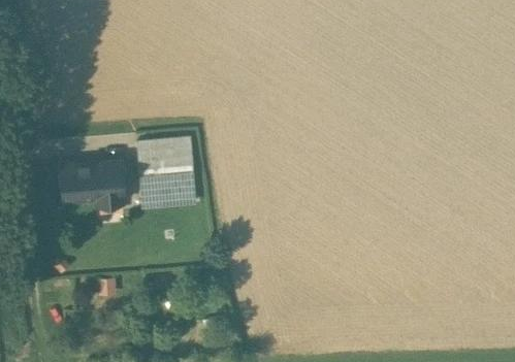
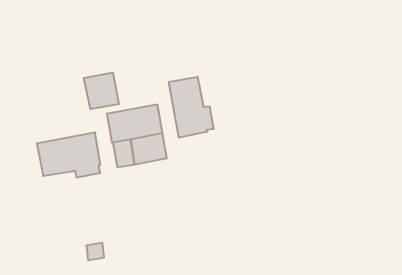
building: none -> [84,73,119,109]
building: none -> [169,77,214,138]

